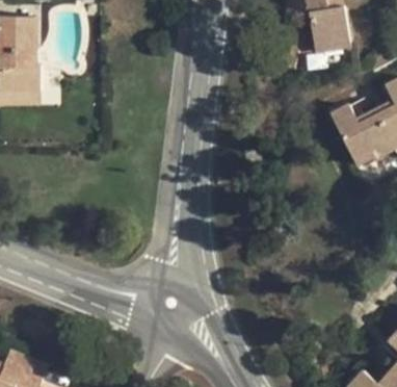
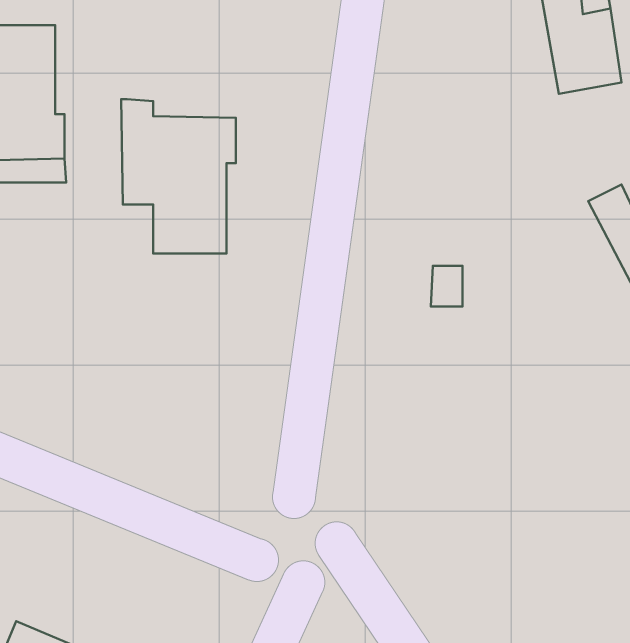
building: none -> [121,99,236,254]

